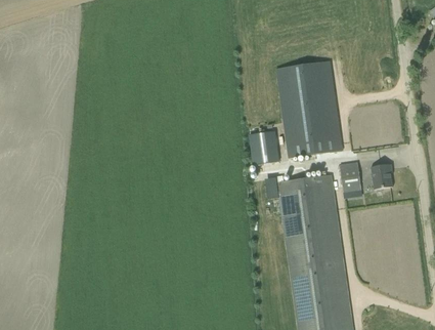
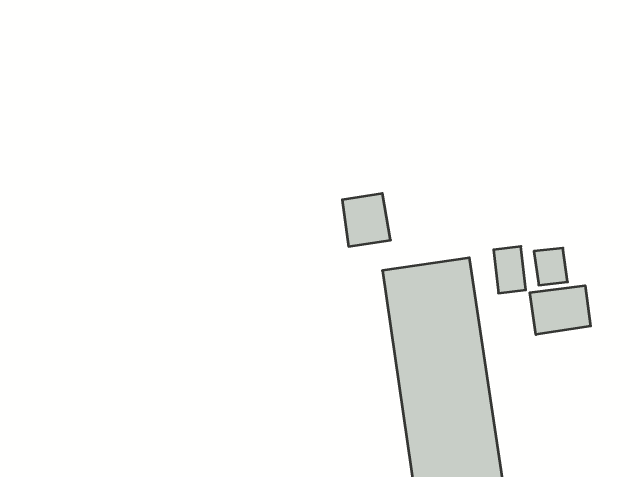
building: [275,60,343,157] -> none
building: none -> [530,286,591,335]

